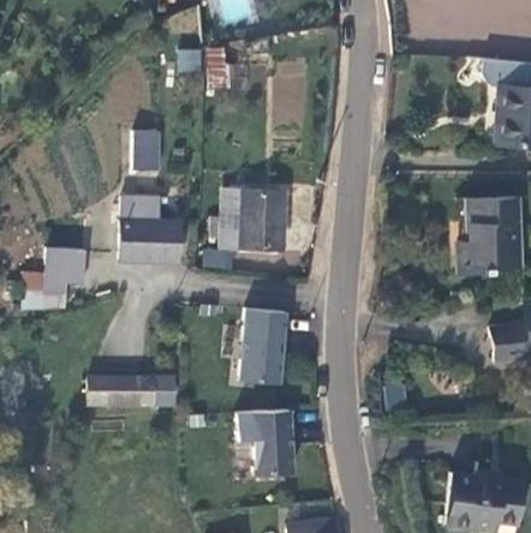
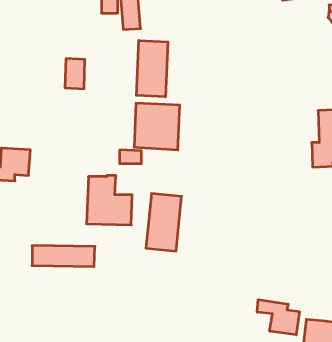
building: none -> [136,40,168,97]
building: [121,196,181,260] -> [87,176,132,225]
building: [237,409,293,474] -> none
building: none -> [257,300,299,335]

